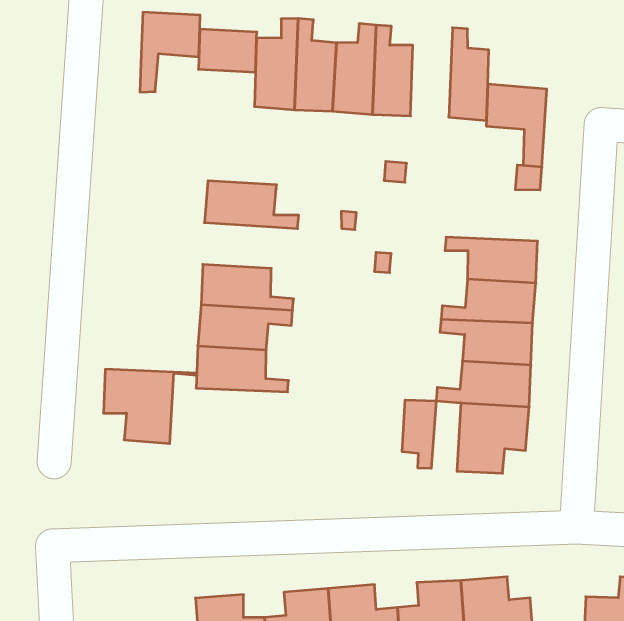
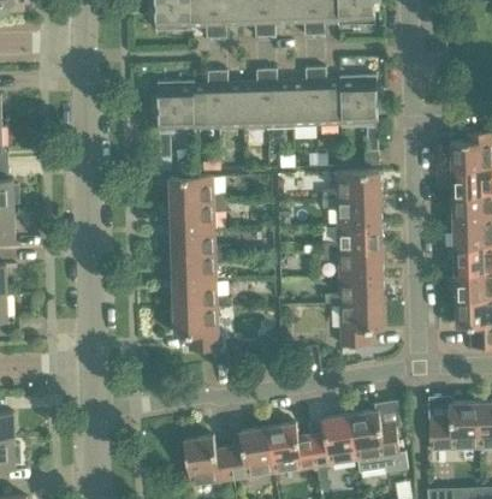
building: [140,12,200,92] -> [158,105,195,156]
building: none -> [291,66,318,124]
building: none -> [339,73,378,100]
building: none -> [321,170,380,198]
building: none -> [170,201,229,228]
building: [103,369,197,444] -> [173,304,231,350]
building: [402,400,436,468] -> none

